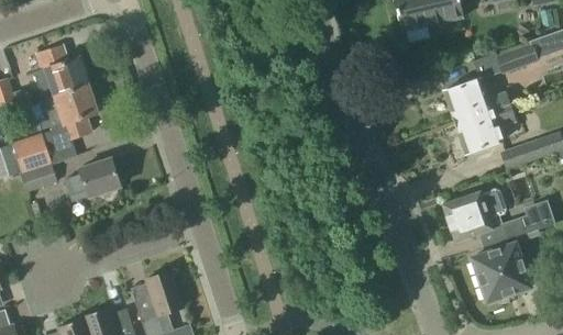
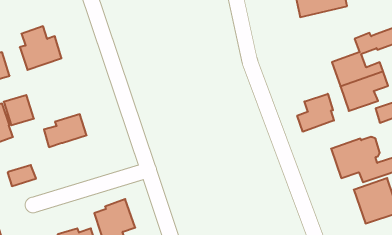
building: [37,85,98,146] -> none
building: none -> [297,94,334,132]
building: [21,164,58,191] -> [8,165,36,186]

